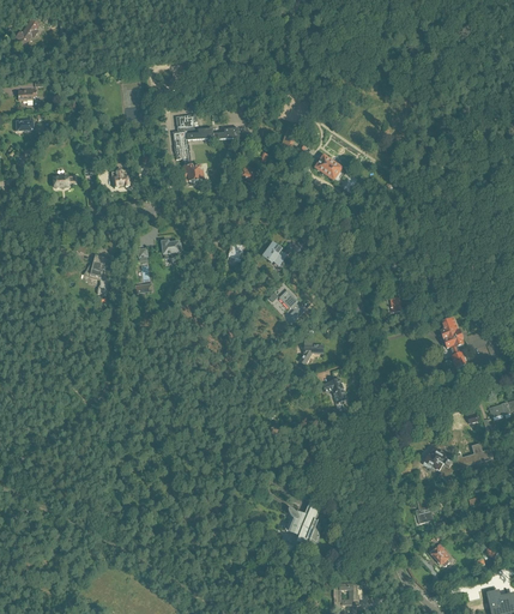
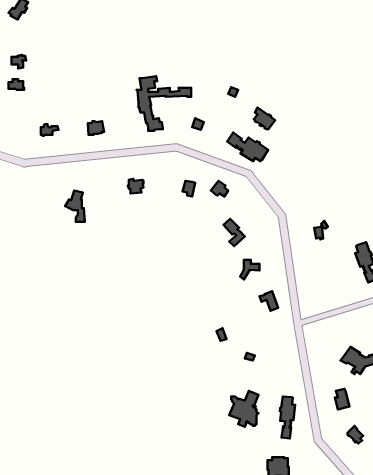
building: none -> [227,133,268,161]
building: none -> [280,396,295,438]

